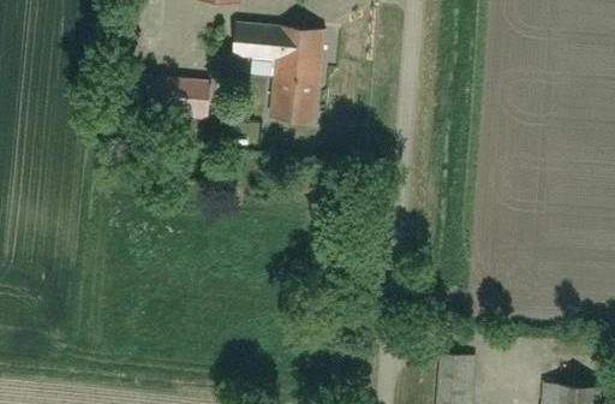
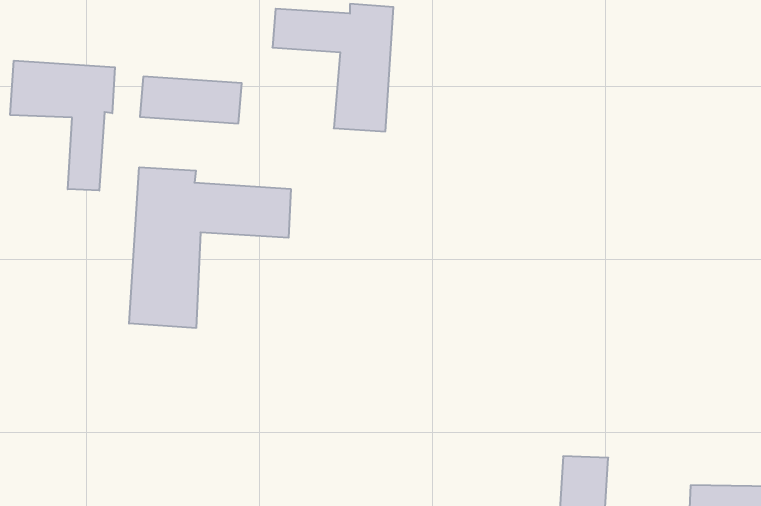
building: none -> [10,61,115,191]
building: none -> [129,167,291,328]

